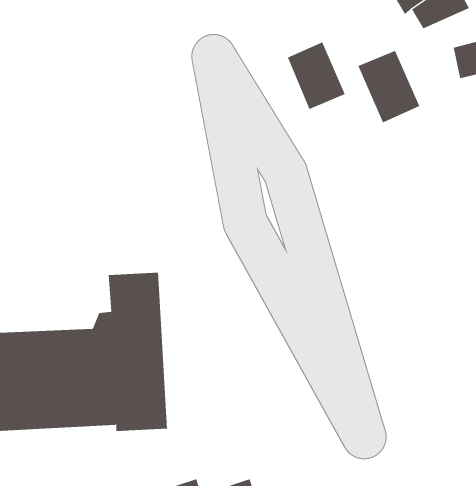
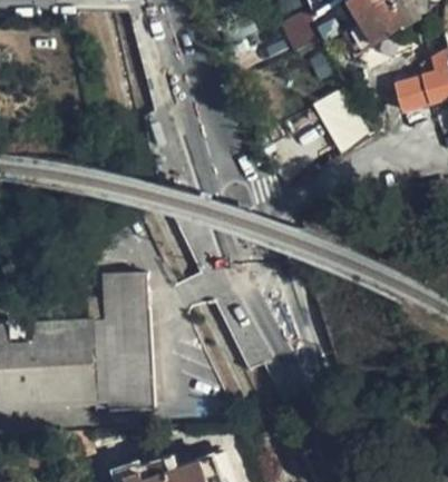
building: [287,41,346,110] -> none

